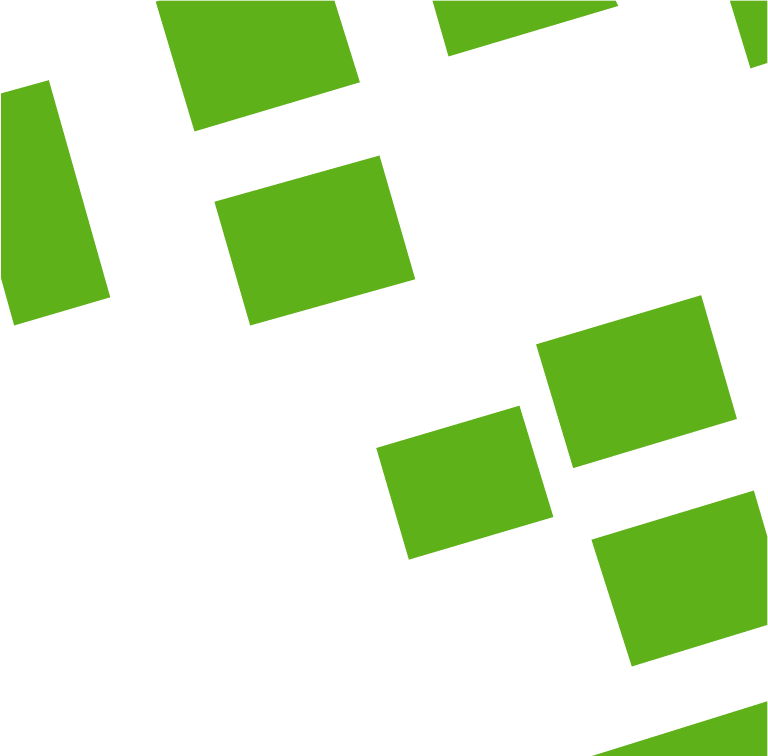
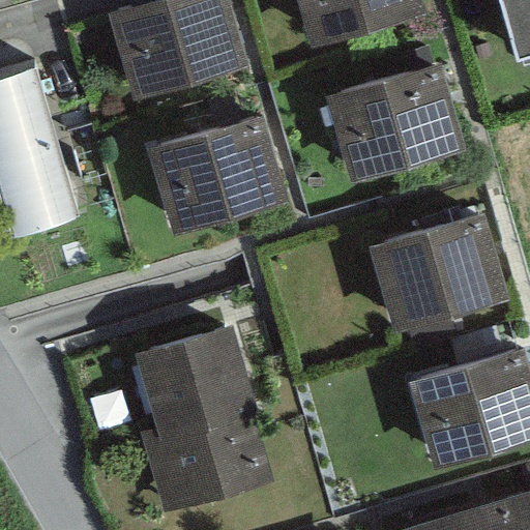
building: none -> [324,62,465,183]
building: [375,405,554,561] -> none
building: none -> [134,323,271,516]

